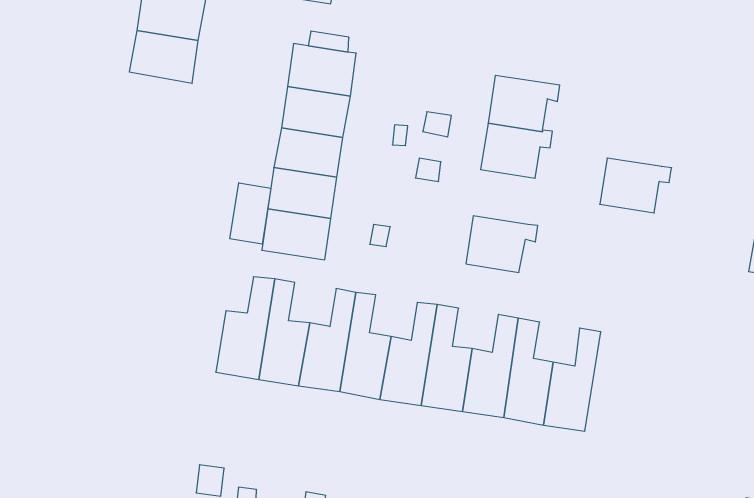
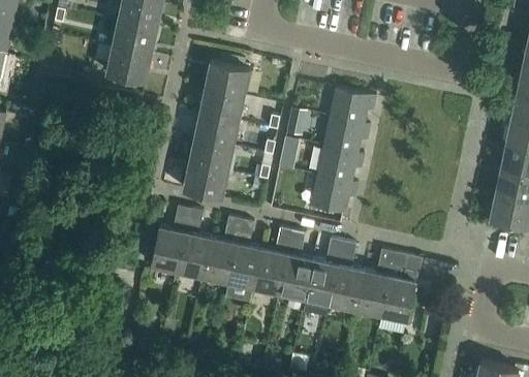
building: [600,158,672,213] -> [317,149,364,185]
building: [230,183,271,244] -> none
building: none -> [380,255,422,322]

